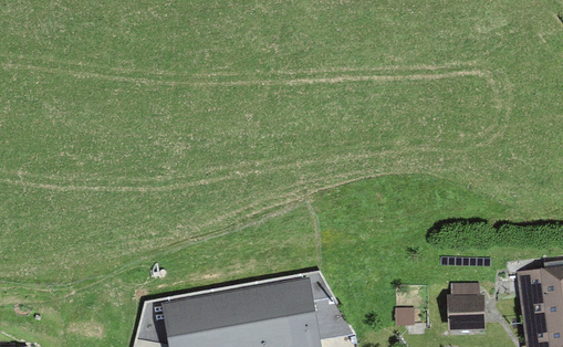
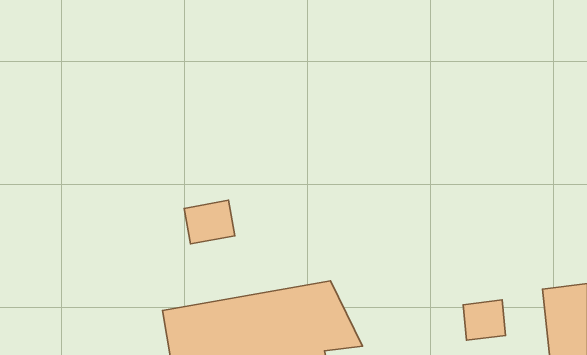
building: none -> [184,200,235,244]

